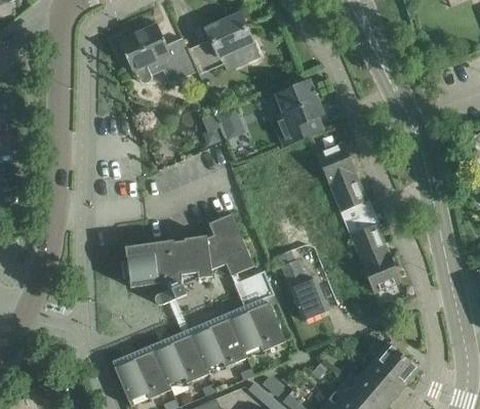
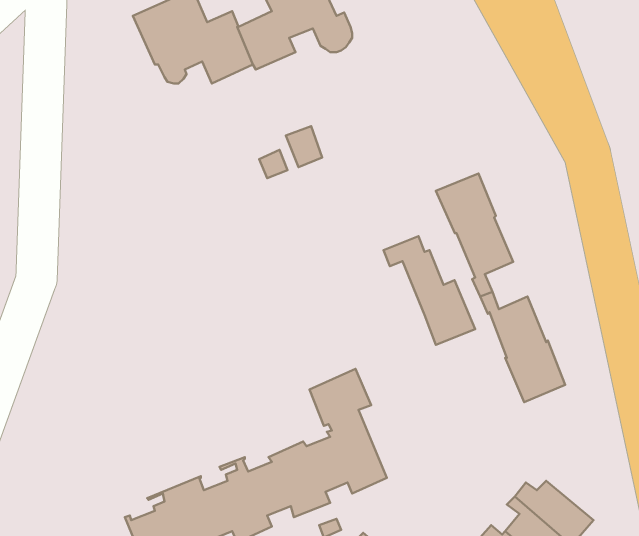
building: [273,79,323,145] -> none
building: [121,212,253,304] -> none
building: [269,249,328,320] -> [384,236,475,345]

